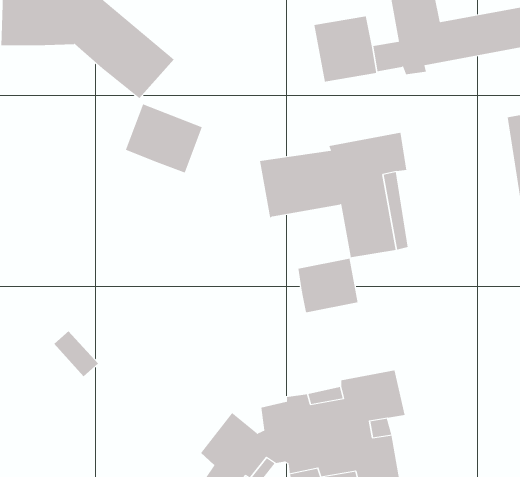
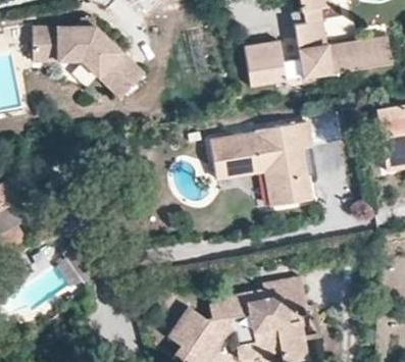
building: [125,104,203,173] -> none
building: [298,258,358,313] -> none

